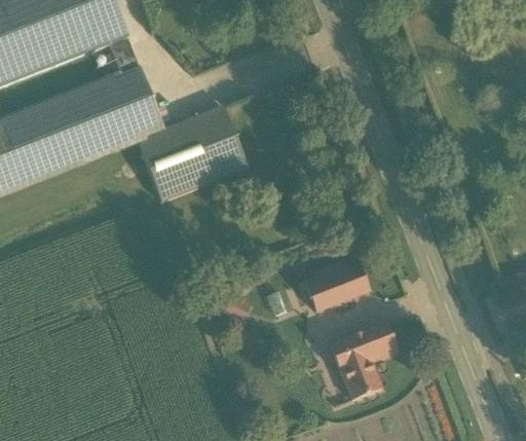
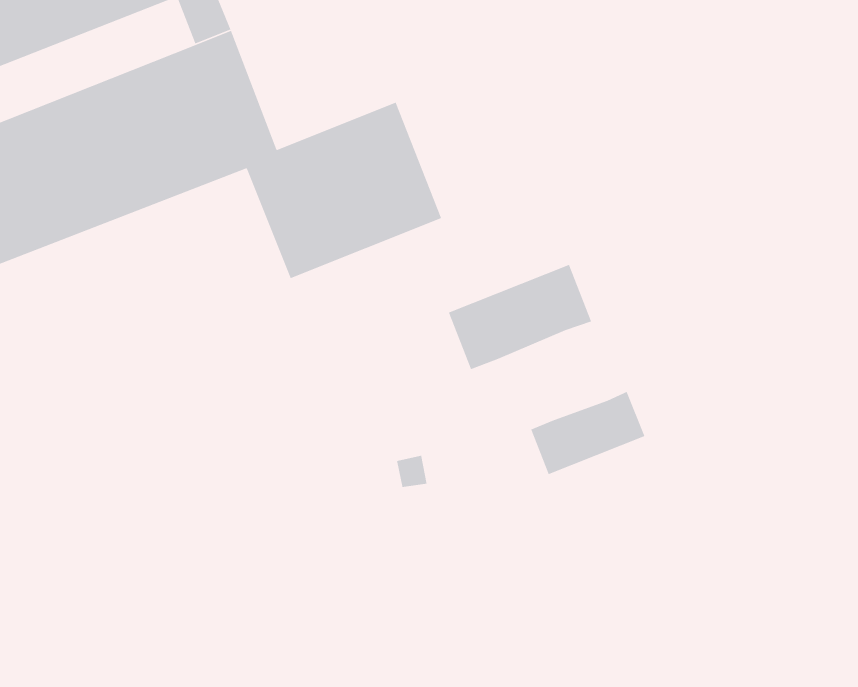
building: none -> [448,264,592,370]
building: [328,319,399,400] -> none

